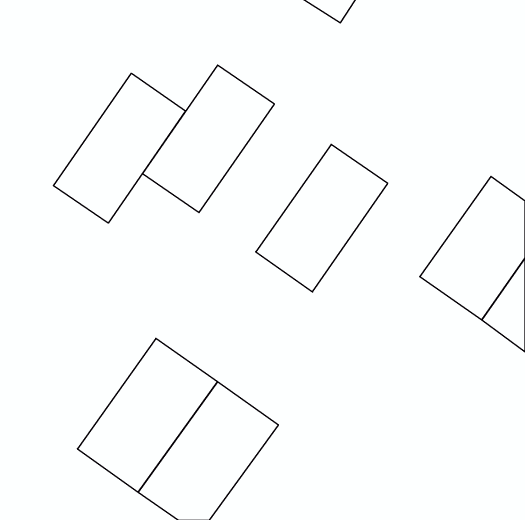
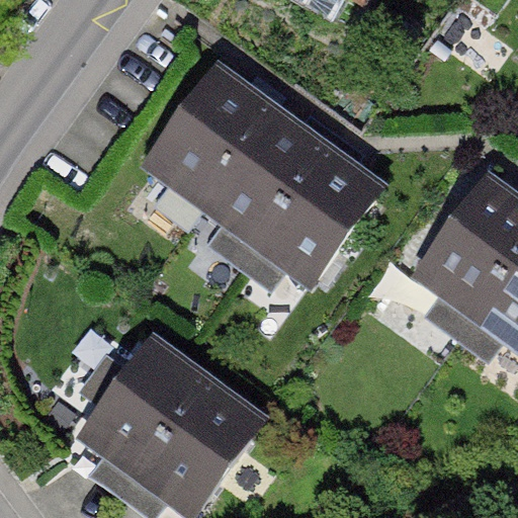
building: [53,73,185,223] -> none
building: none -> [195,102,325,247]

